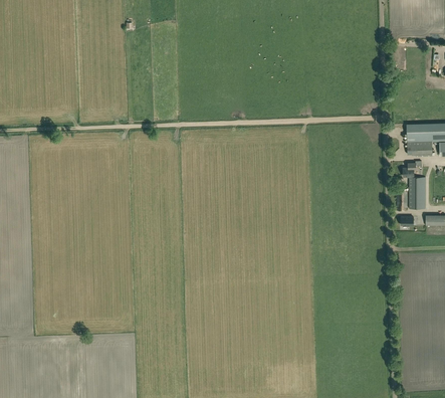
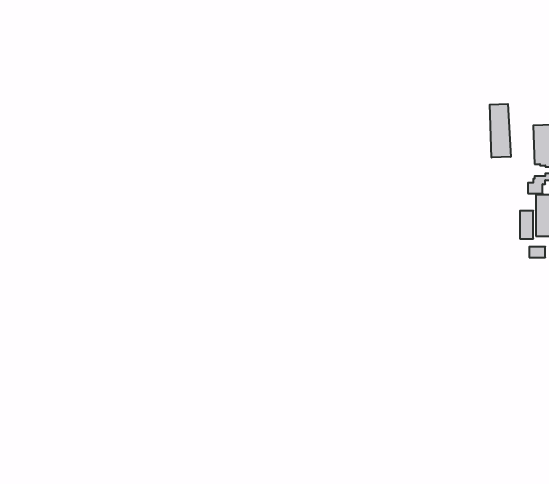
building: none -> [490,104,511,158]

